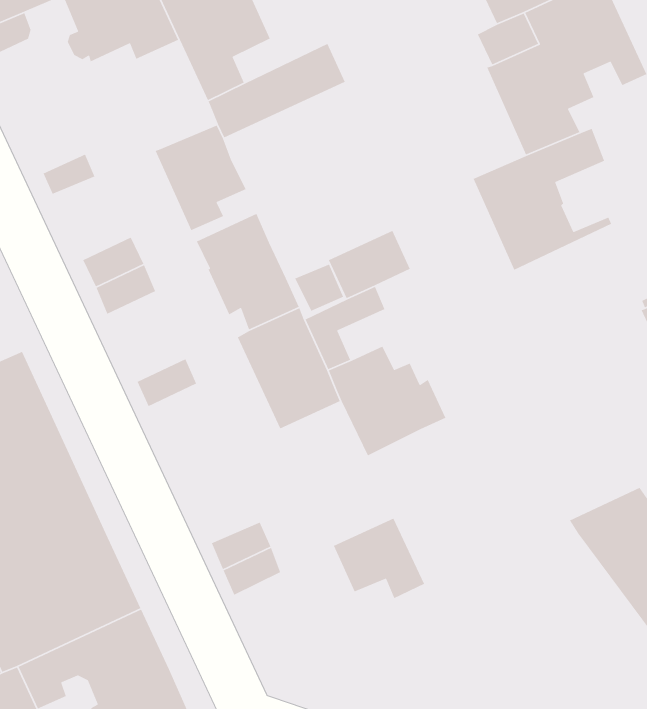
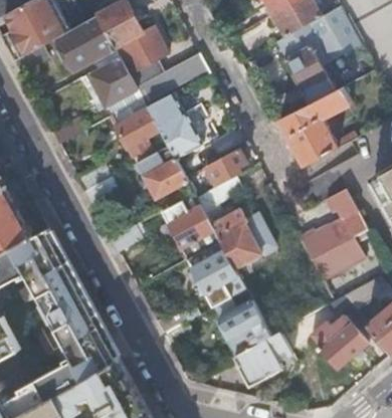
building: none -> [82,57,142,116]
building: none -> [151,114,202,161]
building: none -> [300,190,368,279]
building: none -> [186,242,243,308]
building: none -> [299,296,365,368]
building: none -> [236,331,290,387]

